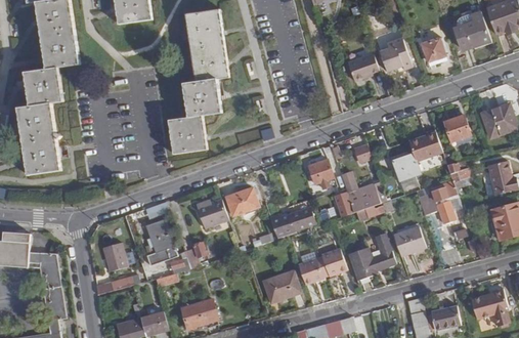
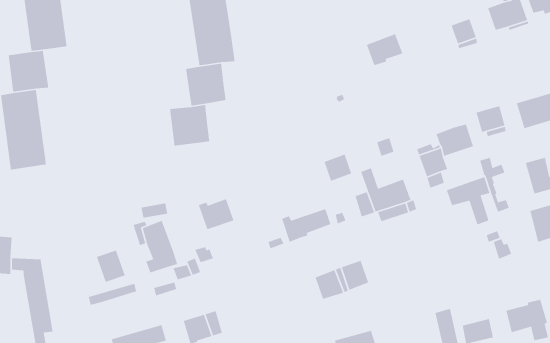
building: [379,38,410,71] -> none
building: [224,187,258,216] -> none
building: [392,226,425,256] -> none
building: [347,234,396,281] -> none
building: [263,270,300,302] -> none

